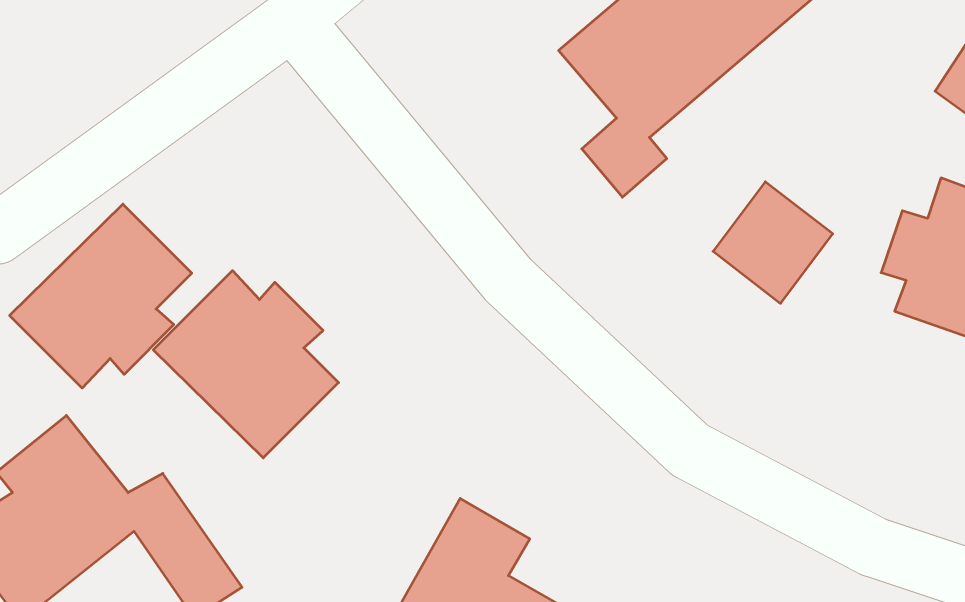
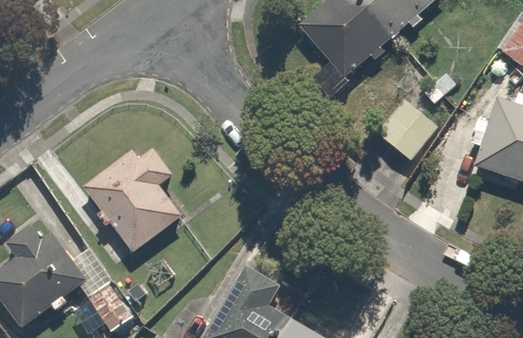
building: [10,204,192,388] -> none

